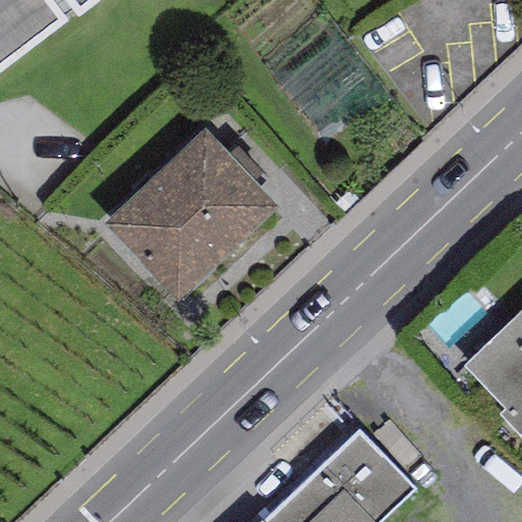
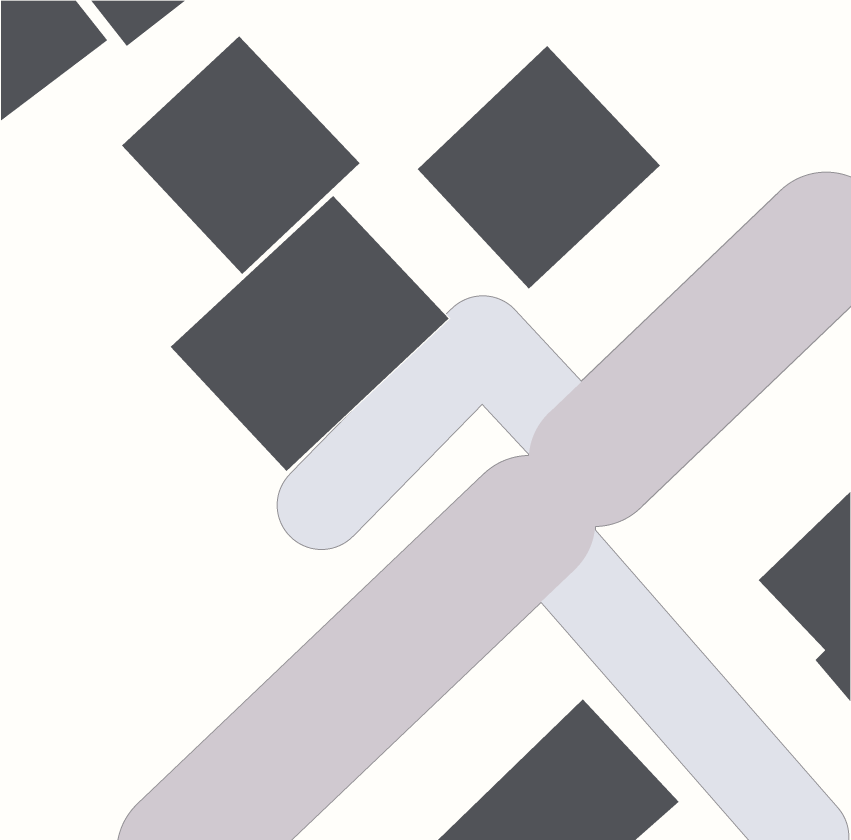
building: none -> [121,35,360,275]
building: none -> [417,45,661,289]

